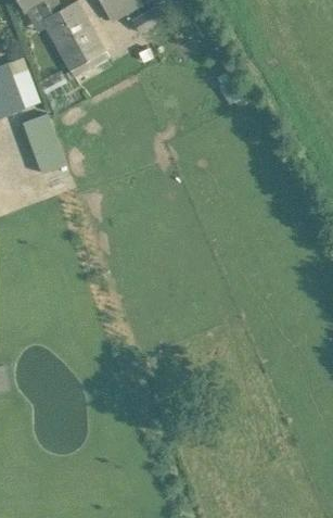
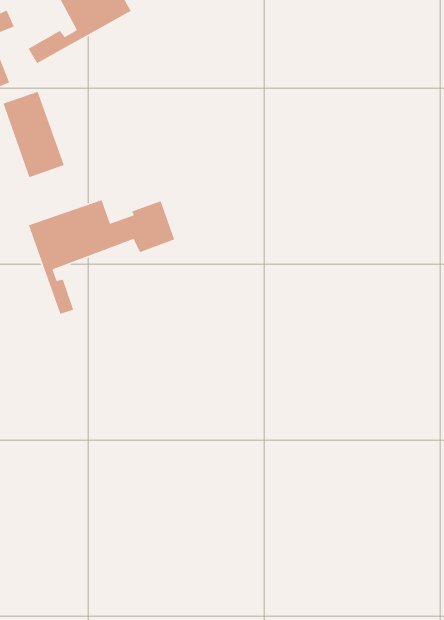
building: none -> [28,199,175,315]

